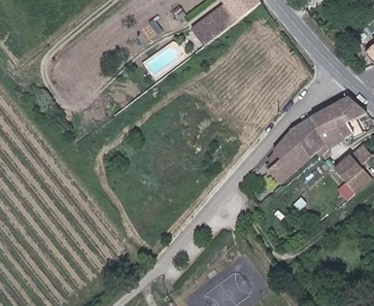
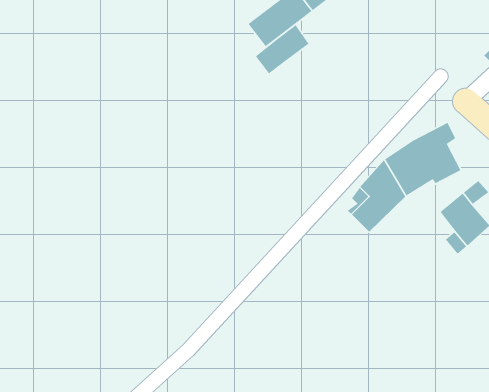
building: none -> [255,24,309,75]
building: [339,98,364,137] -> none

